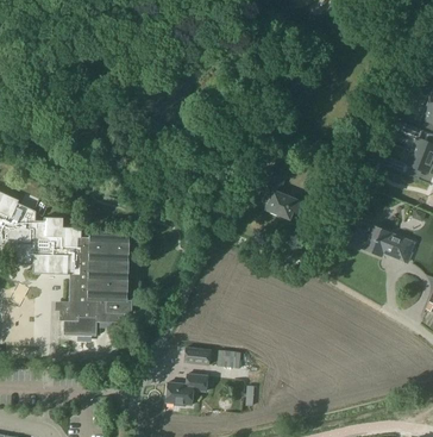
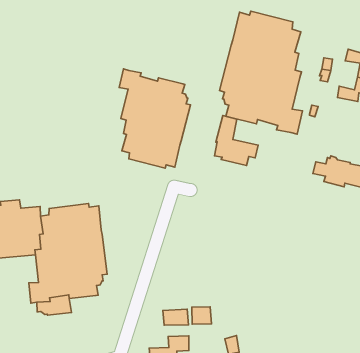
building: none -> [219,11,303,134]
building: none -> [119,69,191,168]

